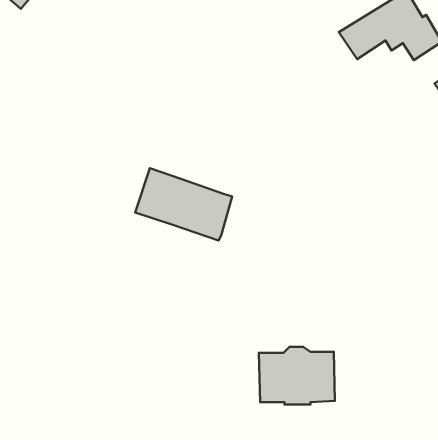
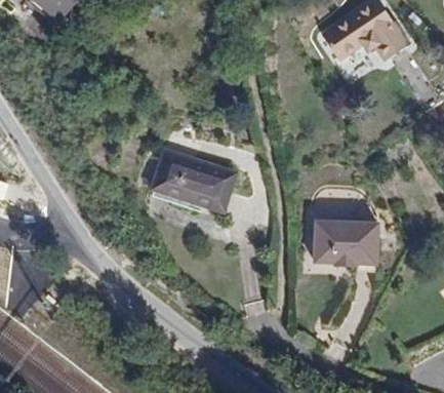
building: [259,347,335,404] -> [315,222,378,270]

